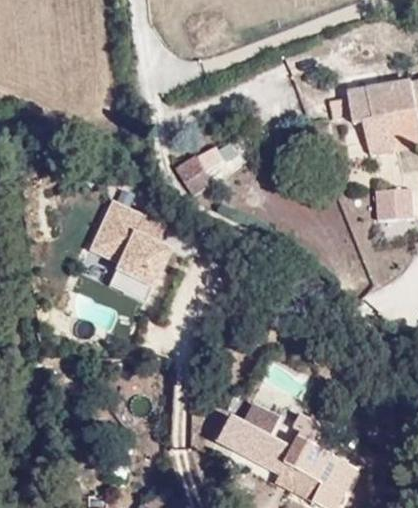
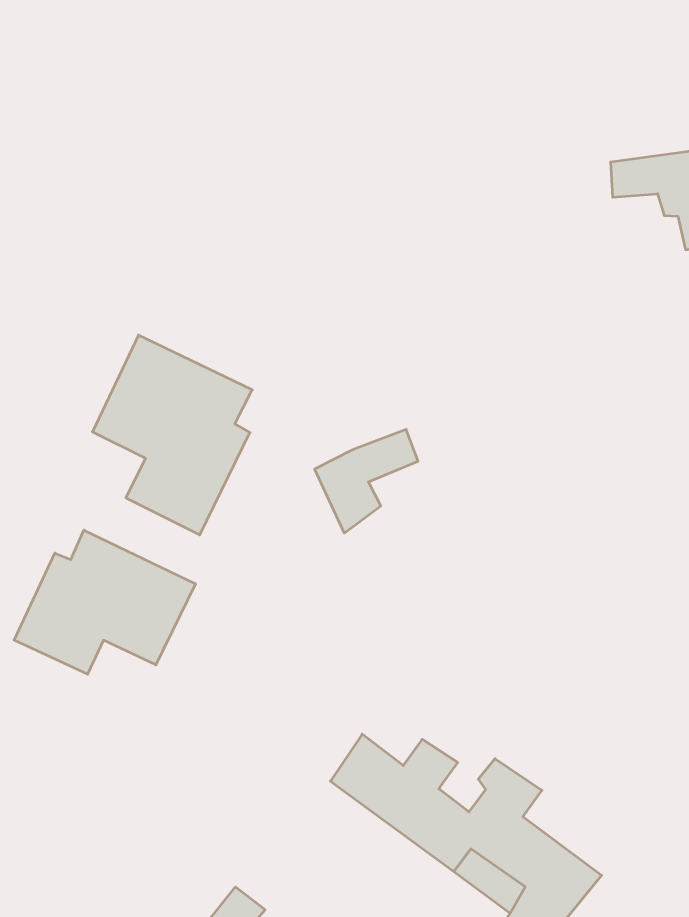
building: [180,148,233,203] -> [315,429,418,533]
building: none -> [14,530,195,674]

